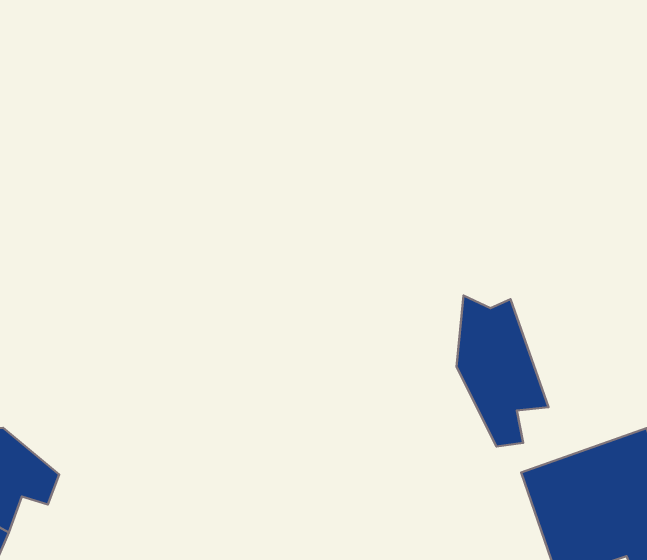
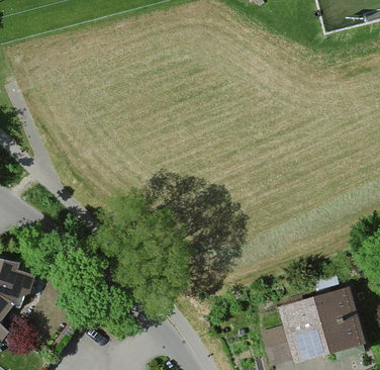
building: [457,296,549,446] -> none

